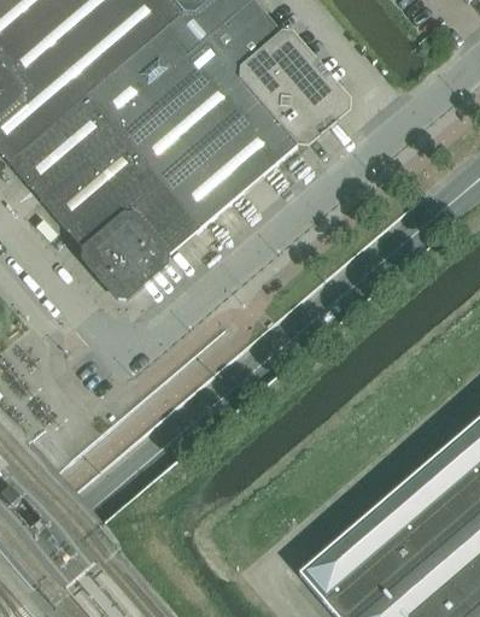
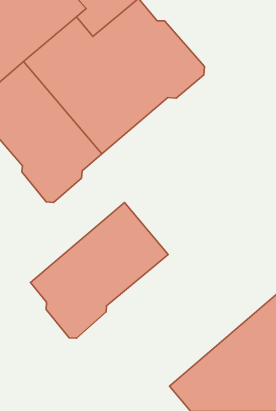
building: none -> [30,203,168,338]

